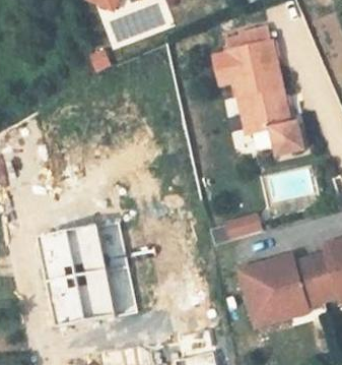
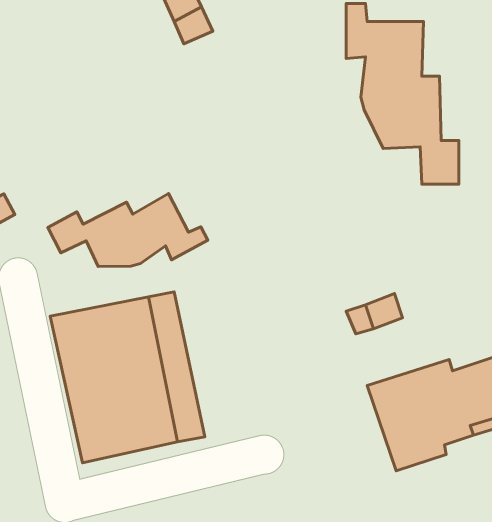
building: none -> [48,194,208,267]

